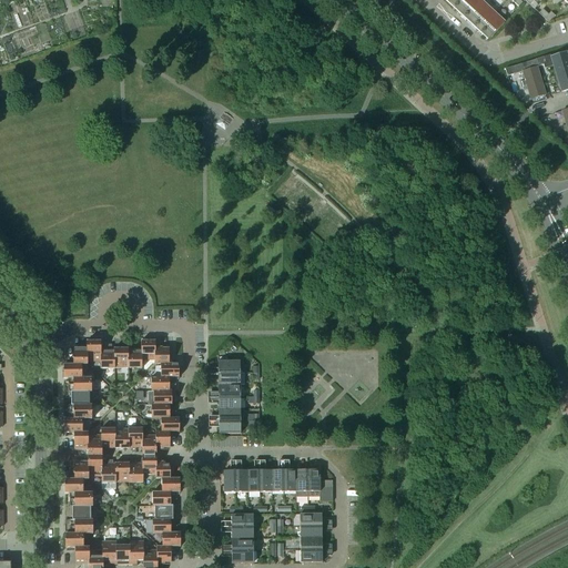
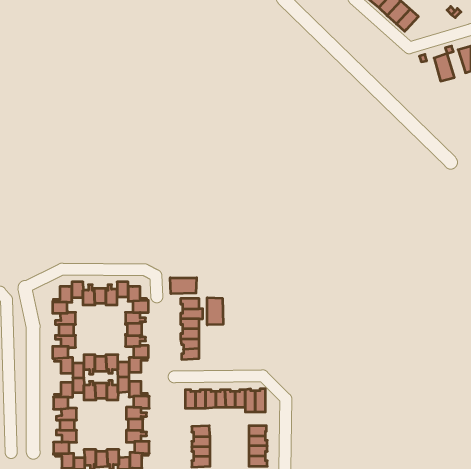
building: none -> [170,278,197,294]
building: none -> [207,298,223,325]

